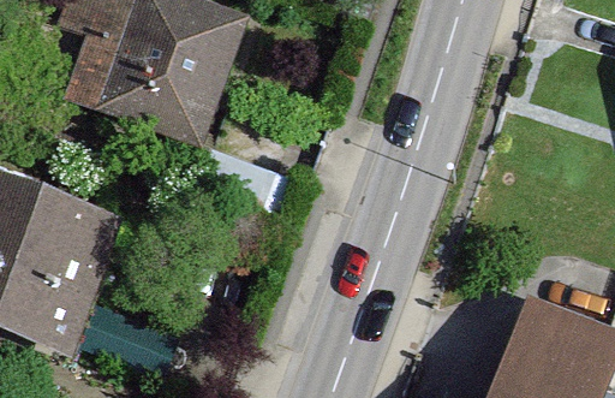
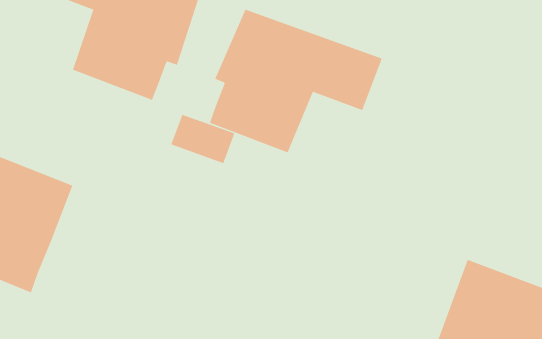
building: none -> [209,9,383,153]

